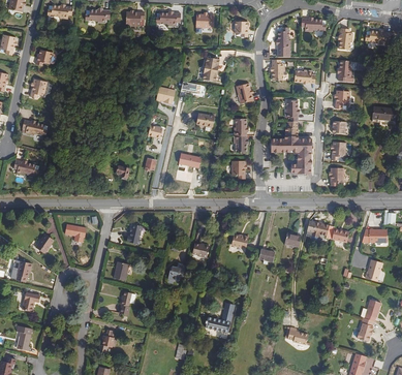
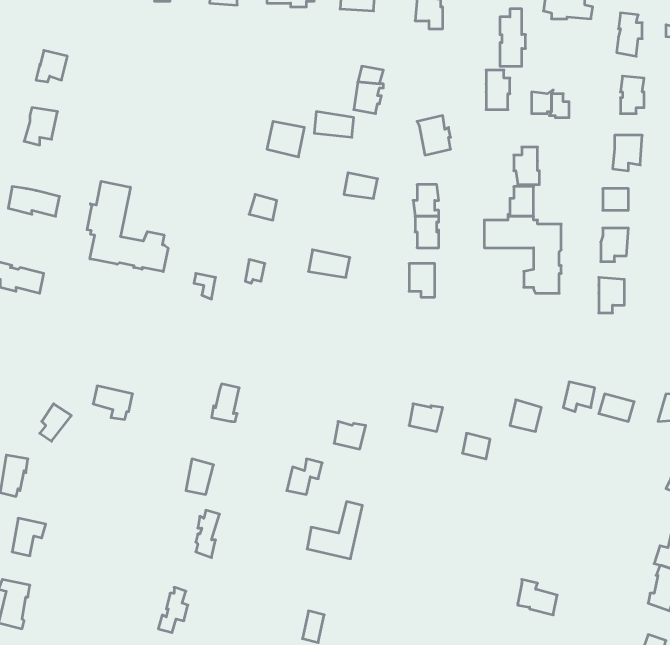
building: none -> [87,181,168,272]
building: [205,304,234,334] -> [307,502,362,559]

